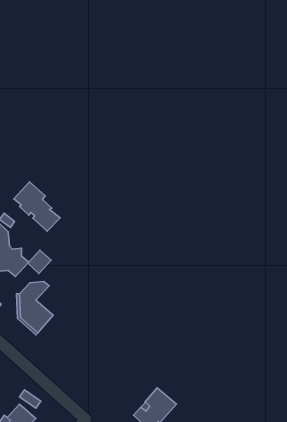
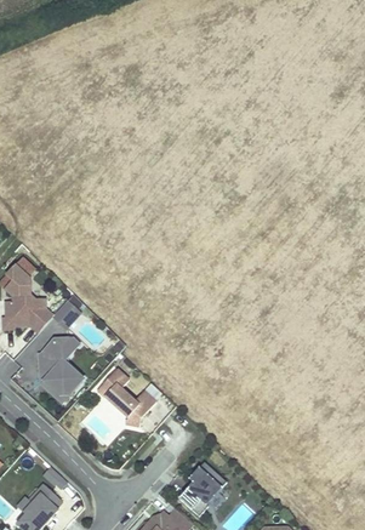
building: [14,182,60,231] -> none
building: none -> [98,365,155,422]

